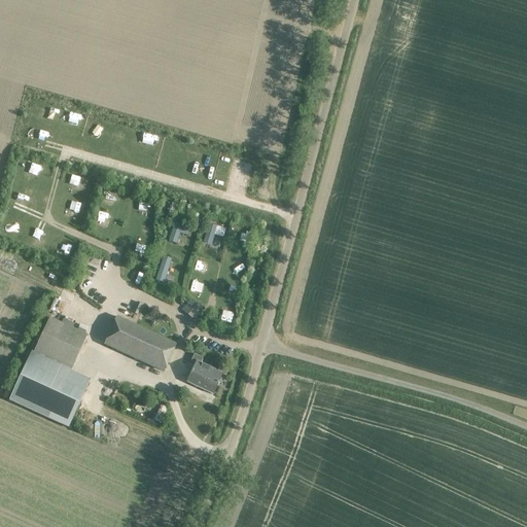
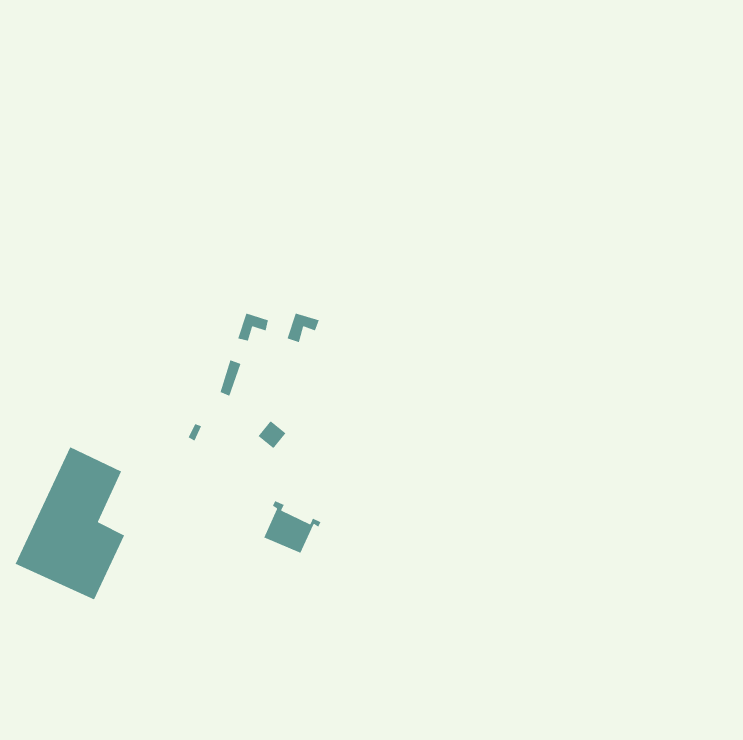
building: [105,316,175,370] -> none

